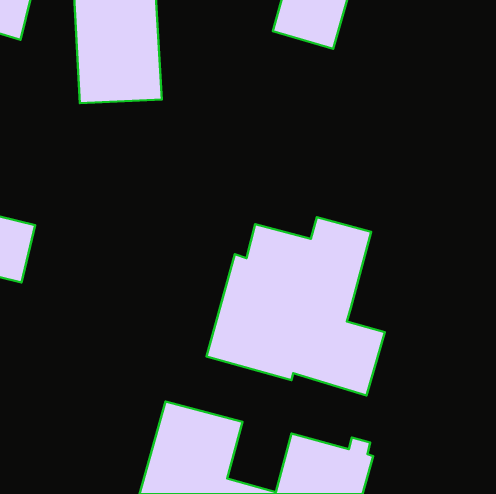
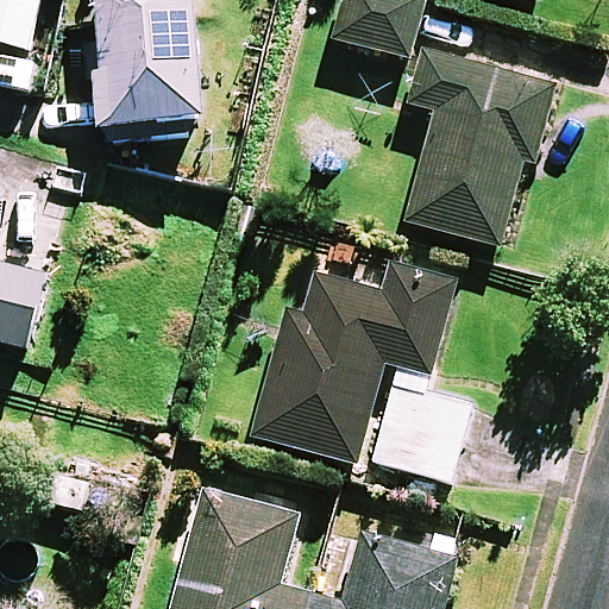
building: none -> [404,52,553,246]

